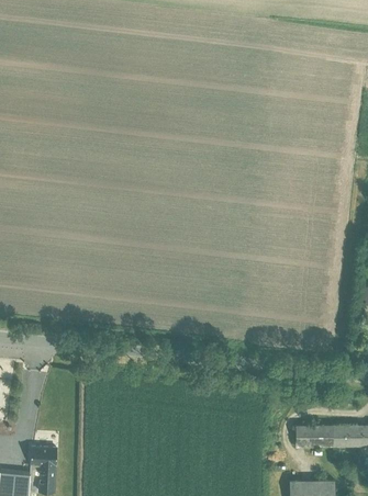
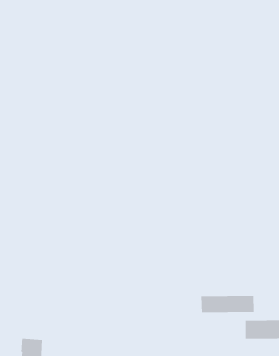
building: none -> [201,295,254,313]

